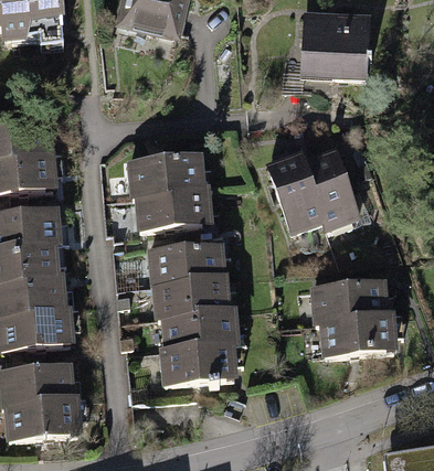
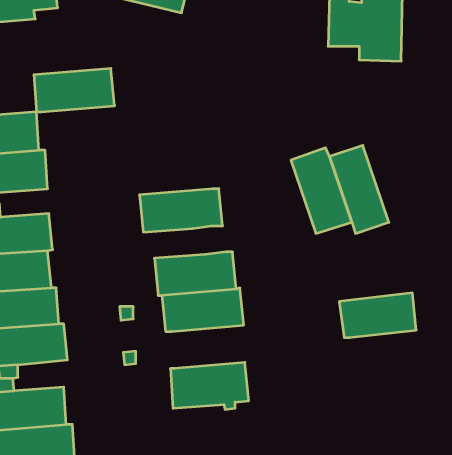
building: [128,157,200,195] -> [34,68,115,112]
building: [163,310,235,350] -> none
building: [321,314,393,356] -> none

